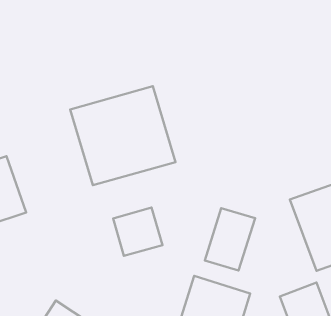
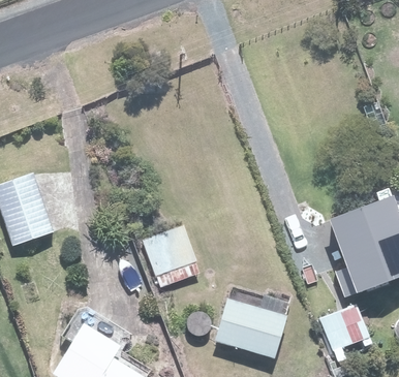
building: [70,86,176,185] -> none
building: [205,208,255,271] -> none

